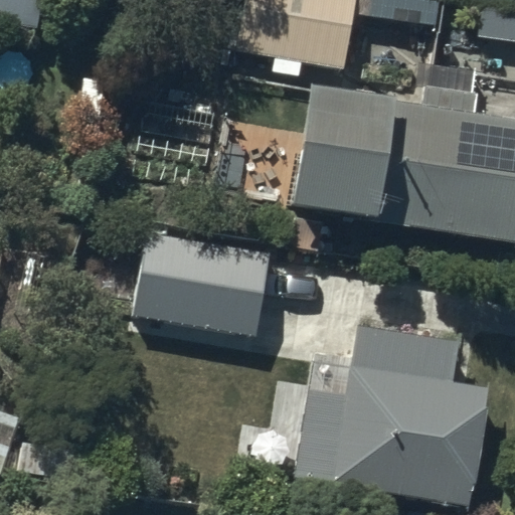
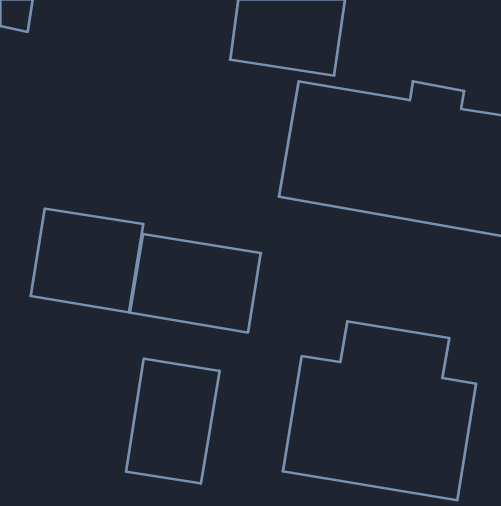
building: none -> [31,209,143,312]
building: none -> [126,359,219,484]

